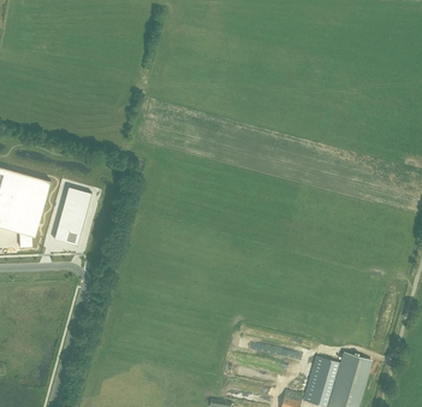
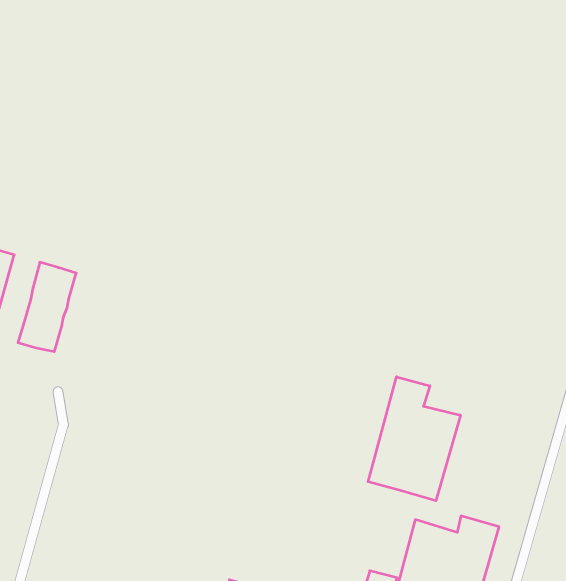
building: none -> [368,377,460,501]

